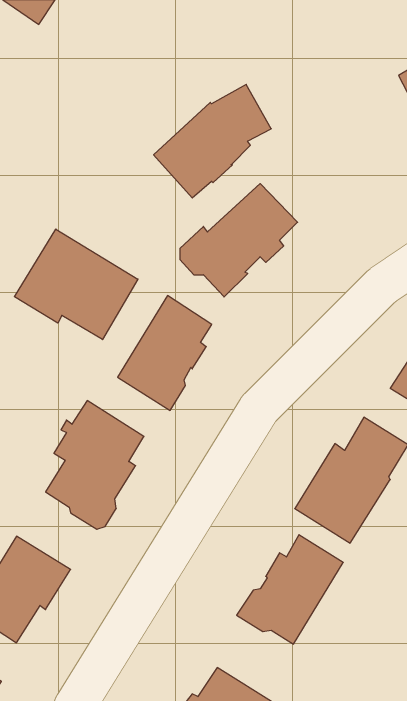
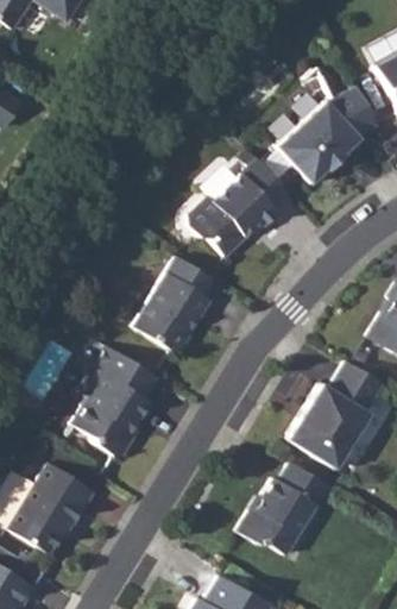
building: [154,84,271,198] -> [277,86,378,183]
building: [14,229,138,340] -> none

